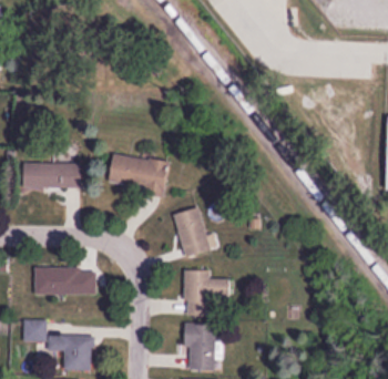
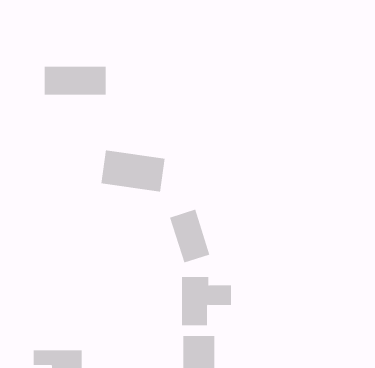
building: [23,161,81,187] -> [44,66,106,95]
building: [34,269,96,295] -> none
building: [23,320,45,342] -> none

